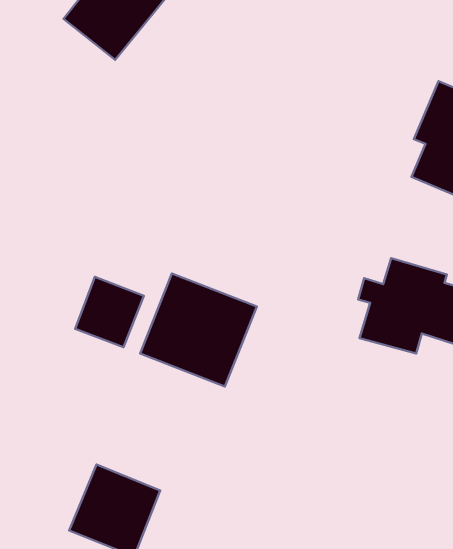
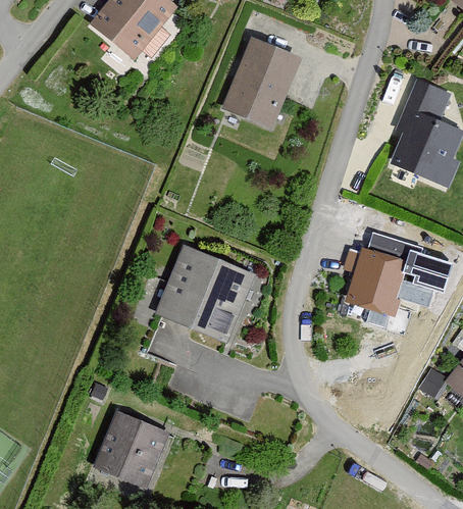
building: none -> [220,36,301,129]
building: [75,277,144,347] -> none

